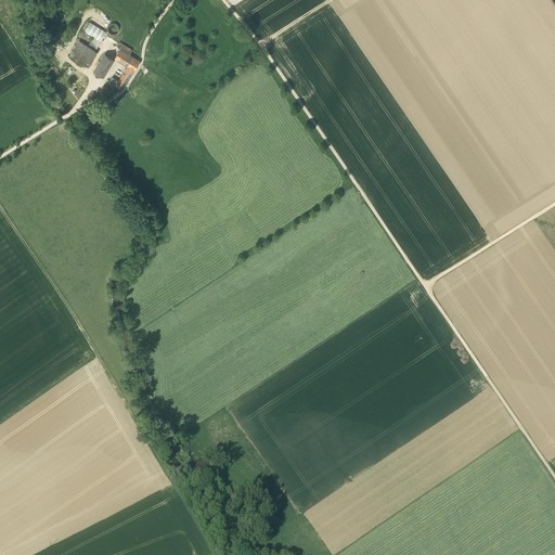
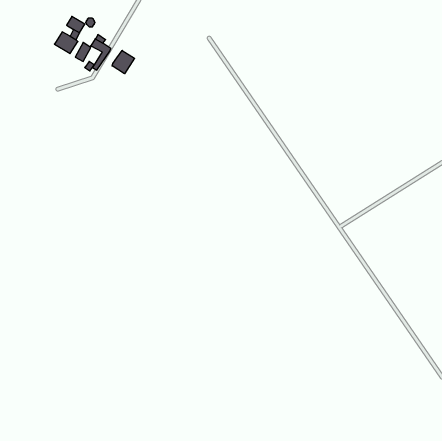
building: none -> [112,50,135,74]

